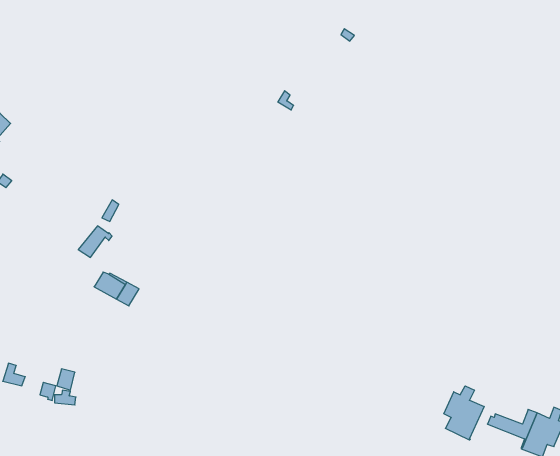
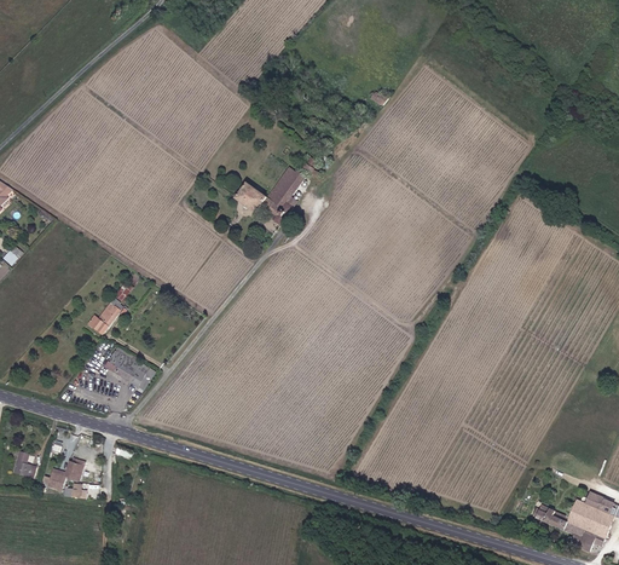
building: none -> [236,166,305,223]
building: [444,386,484,440] -> none

